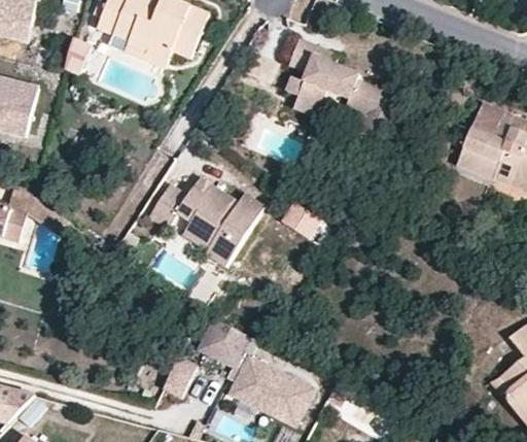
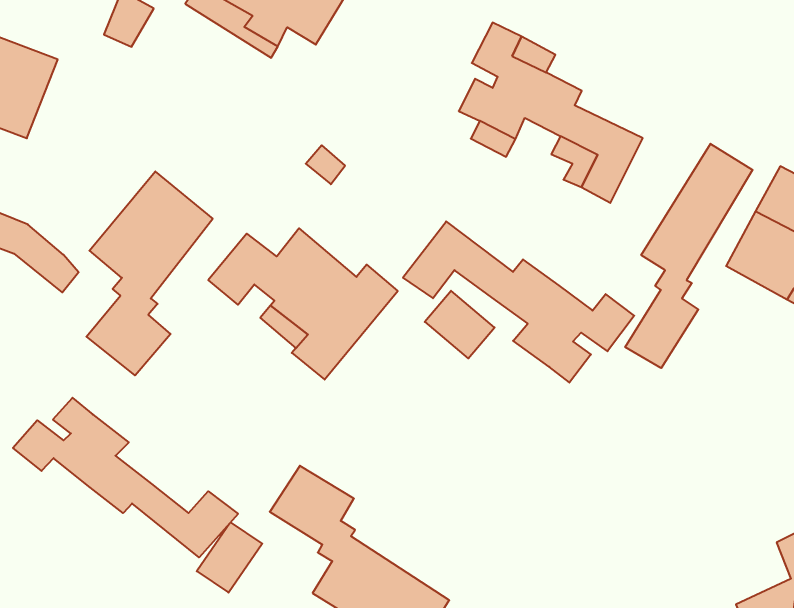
building: none -> [625,144,753,368]
building: none -> [86,171,213,375]
building: none -> [403,221,634,383]
building: none -> [13,398,238,557]

